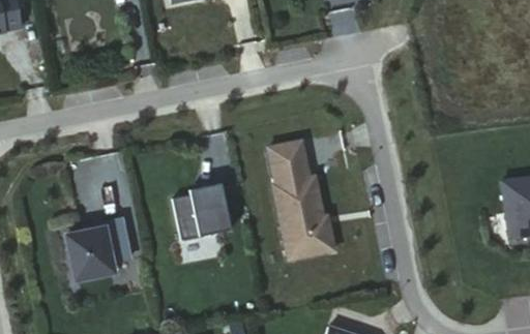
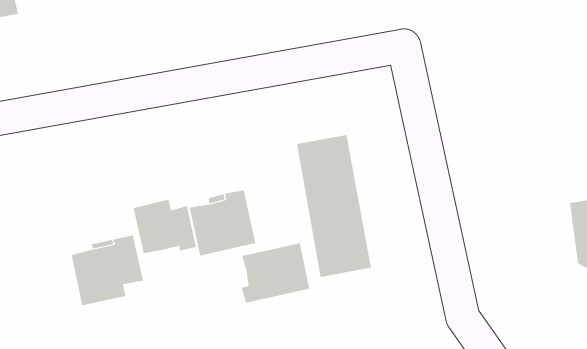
building: none -> [133,199,196,254]
building: none -> [241,242,310,303]

